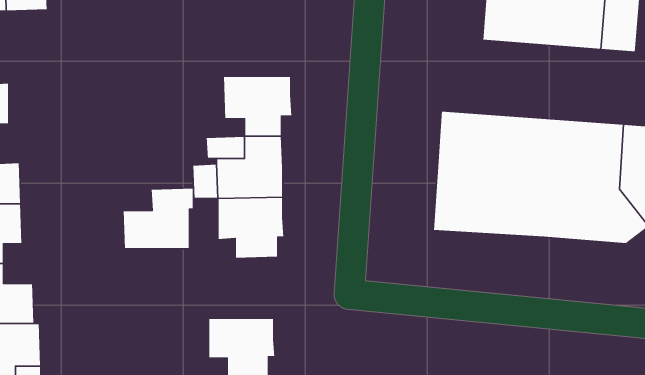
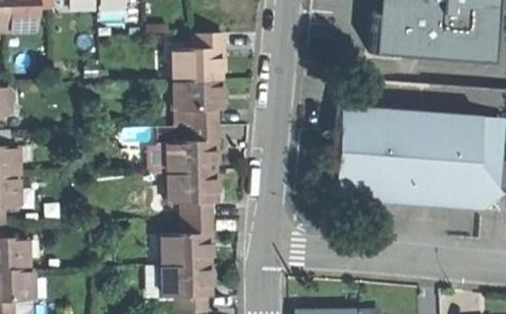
building: none -> [172,34,224,79]
building: [123,188,193,249] -> [160,217,214,264]

